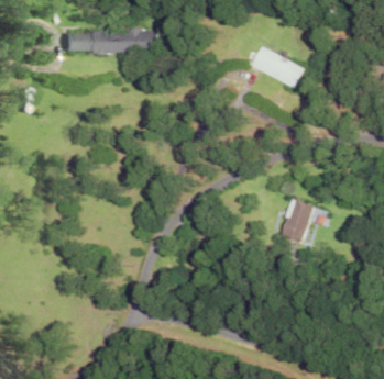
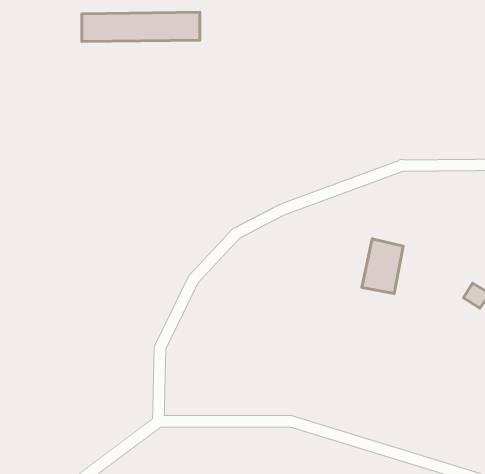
building: [248,46,303,88] -> none

